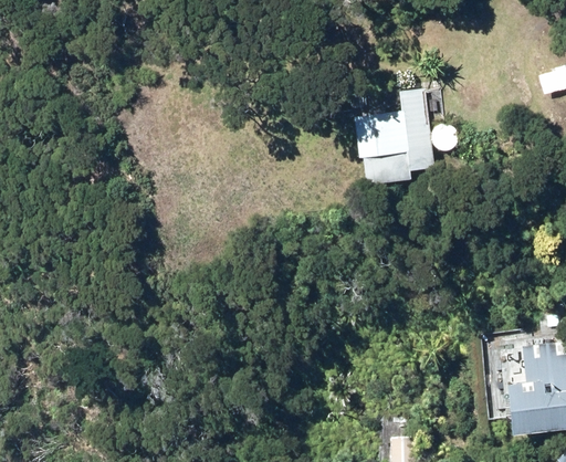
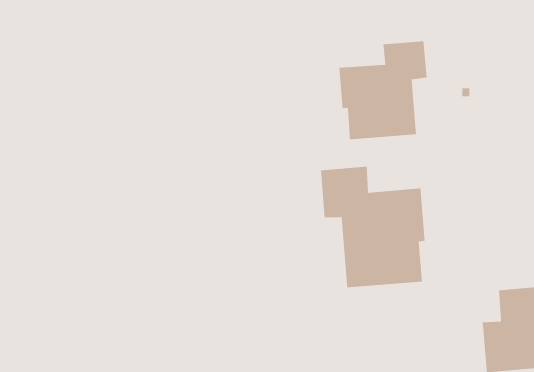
building: none -> [320,166,425,288]

